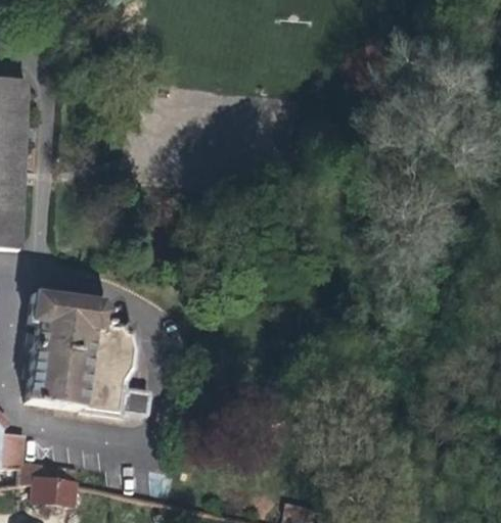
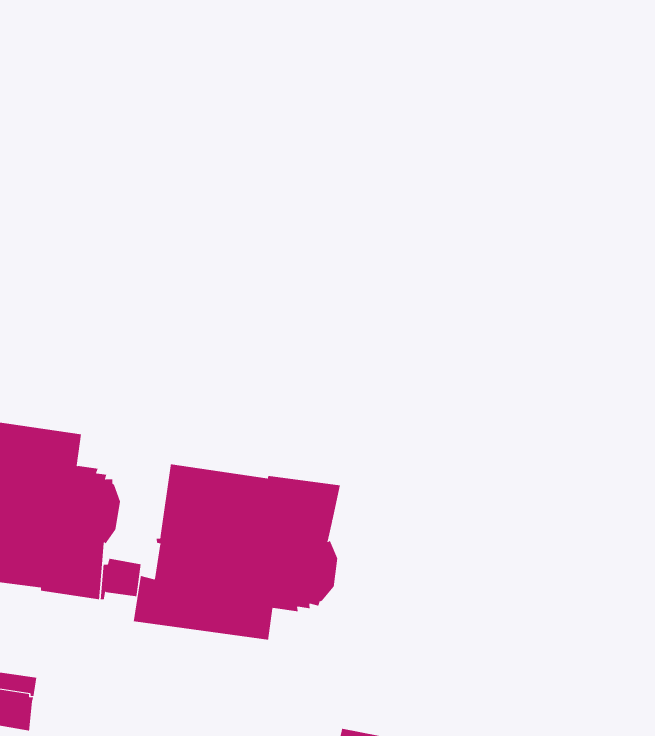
building: none -> [133,463,340,640]

